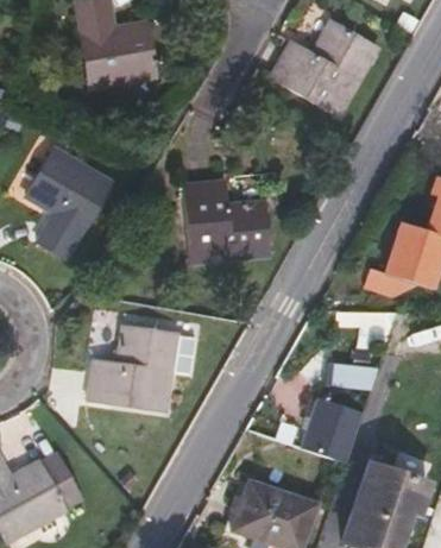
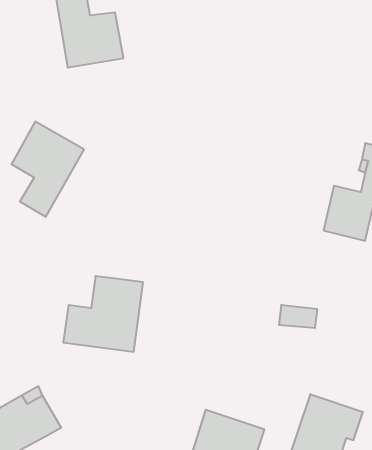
building: [269,21,378,118] -> none
building: [183,179,271,264] -> none
building: [302,393,360,458] -> none

